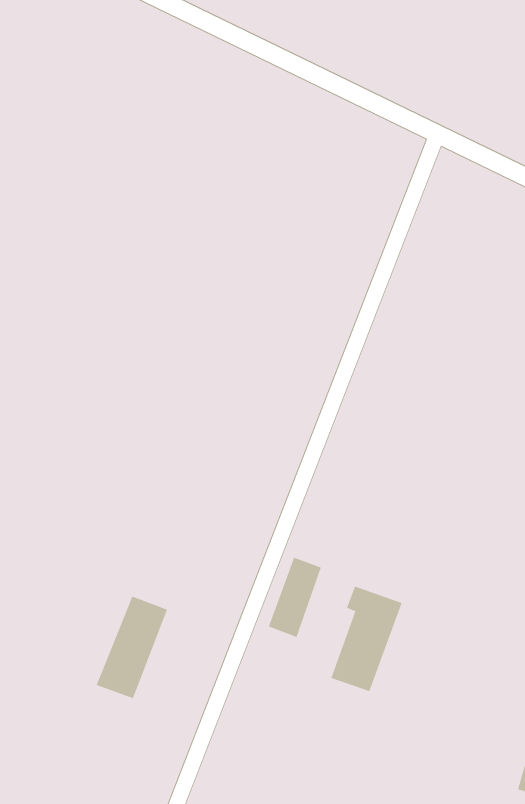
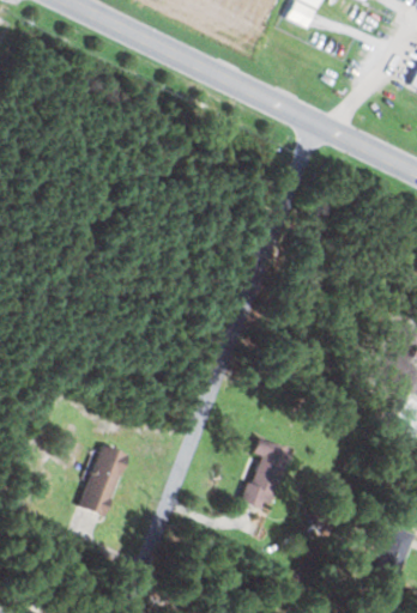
building: [268,557,321,638] -> none

